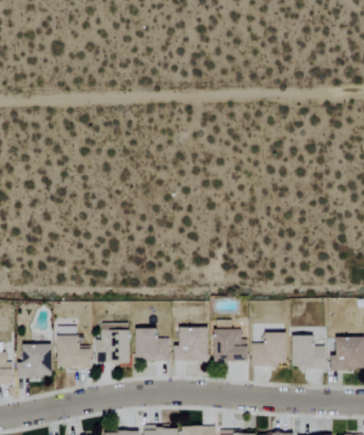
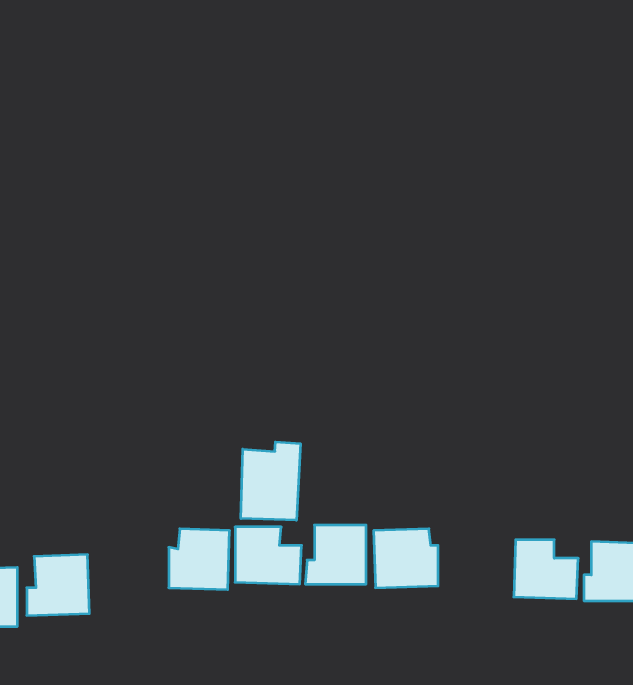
building: none -> [241,442,300,520]
building: [253,332,286,365] -> none
building: [56,335,91,369] -> none

